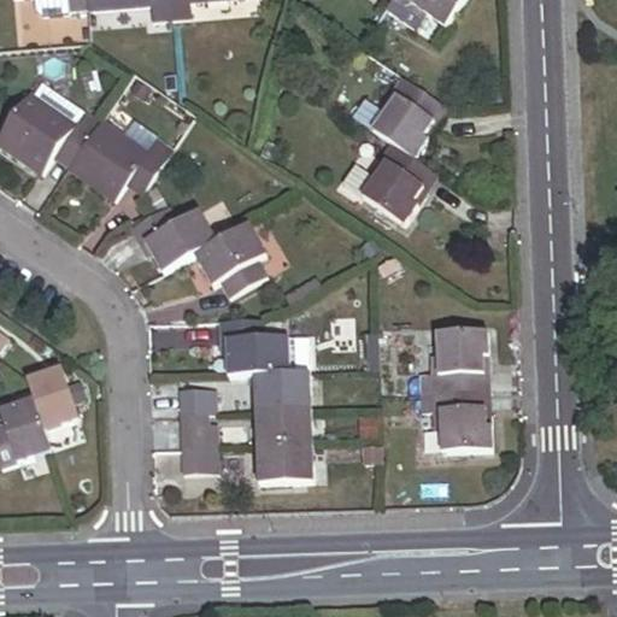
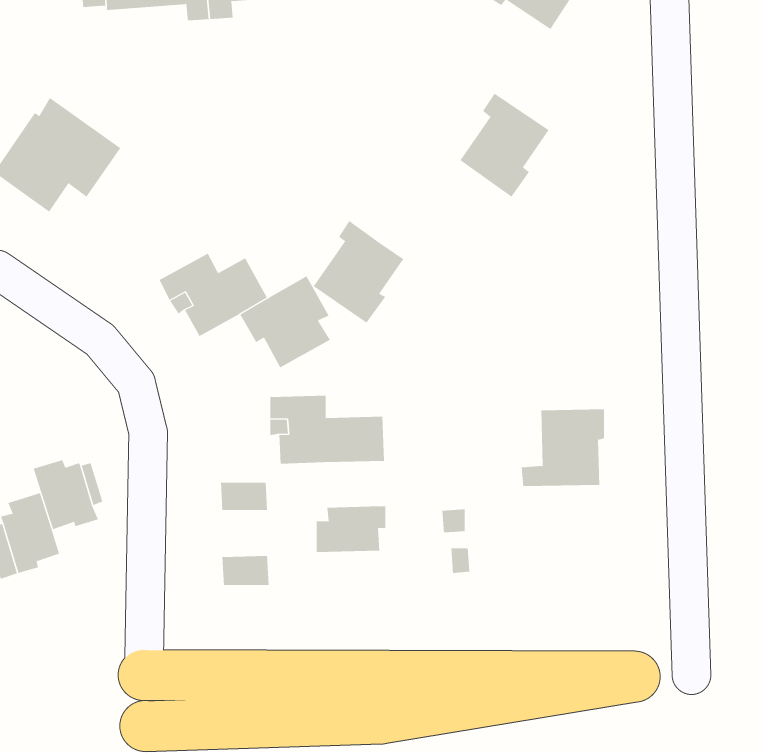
building: [66,117,171,198] -> none
building: [358,141,431,224] -> [313,220,404,324]
building: [253,371,310,409] -> none
building: [421,390,490,449] -> none
building: [178,411,216,448] -> none
building: [254,443,312,480] -> none

